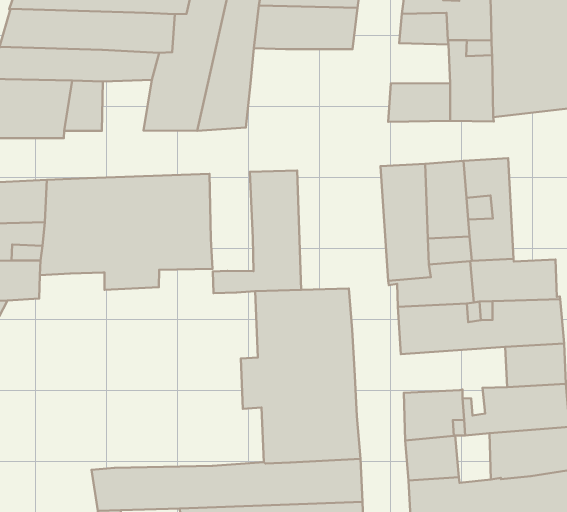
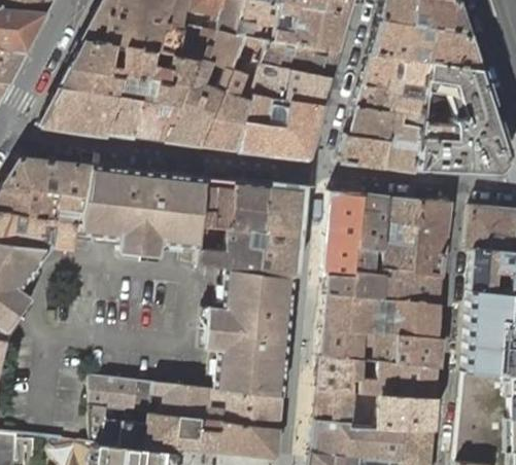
building: none -> [346,107,391,141]
building: none -> [238,95,322,158]
building: none -> [135,102,176,141]
building: none -> [414,201,451,278]
building: none -> [260,186,302,276]
building: none -> [199,179,236,250]
building: none -> [321,328,399,363]

